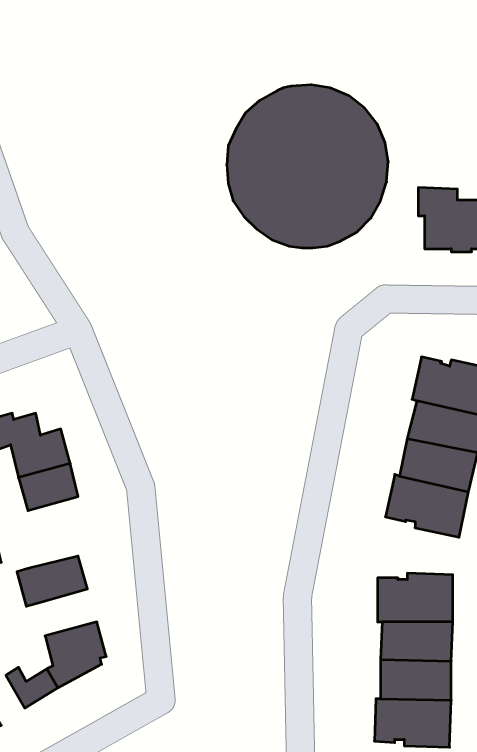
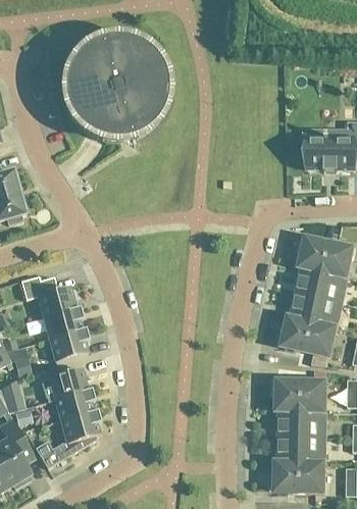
building: [227,85,388,248] -> [63,34,168,140]
building: none -> [49,328,88,360]
building: none -> [55,389,94,419]

